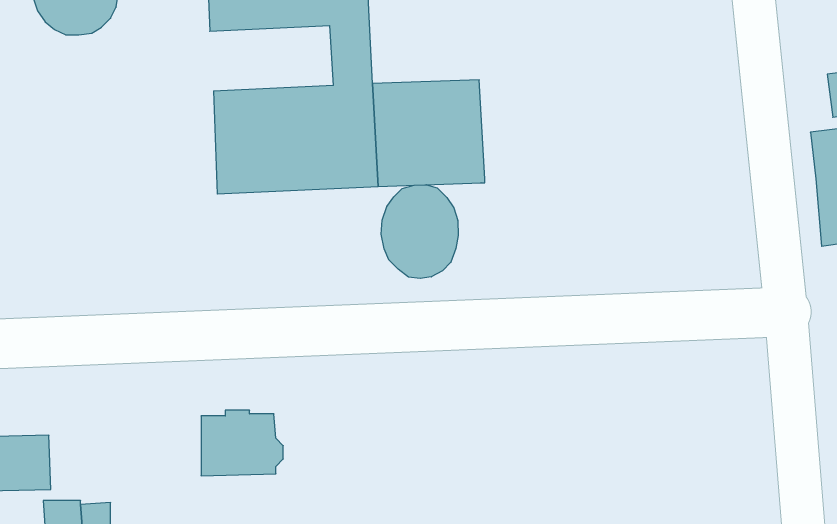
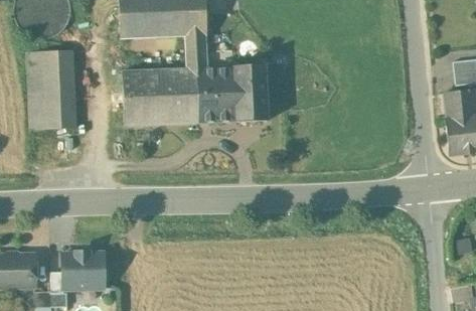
building: none -> [26,49,75,129]
building: [381,185,458,278] -> none
building: [201,410,283,476] -> [62,252,107,287]

